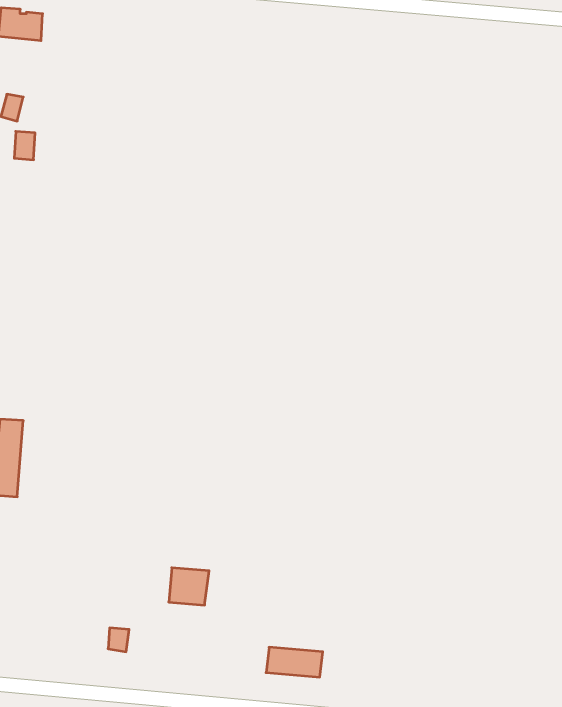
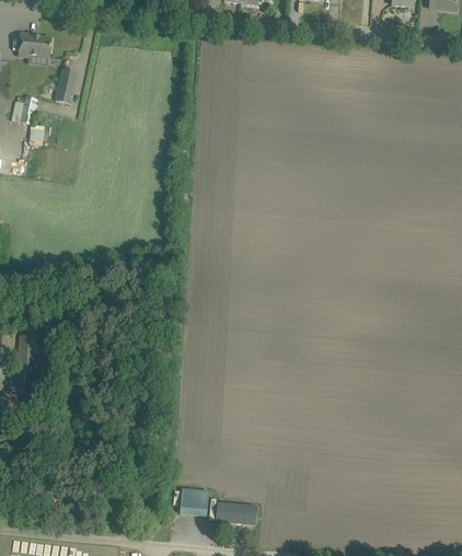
building: none -> [55,68,77,104]
building: [169,568,209,605] -> [178,488,208,516]

